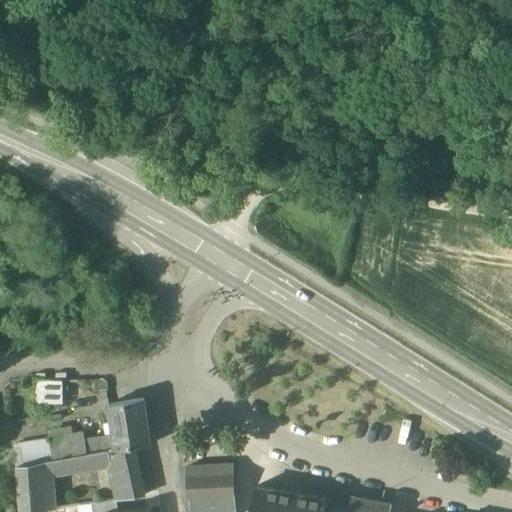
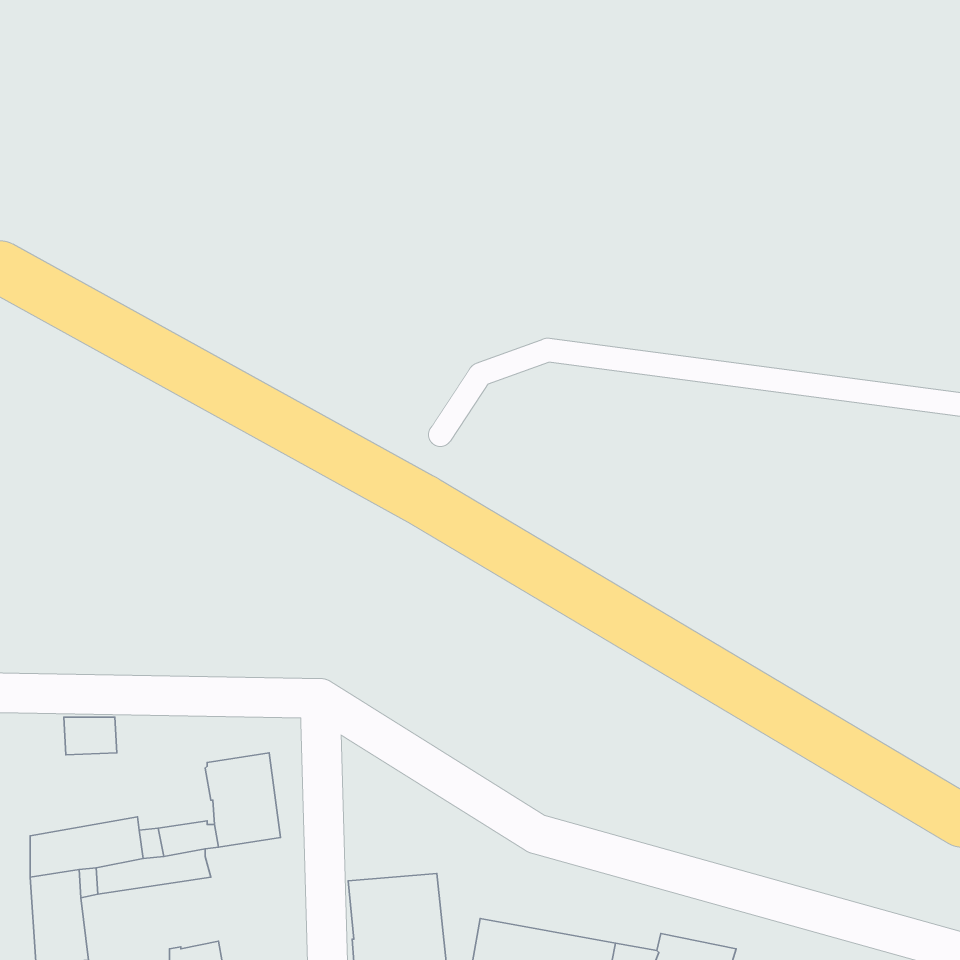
building: [110,450,145,501] -> none

